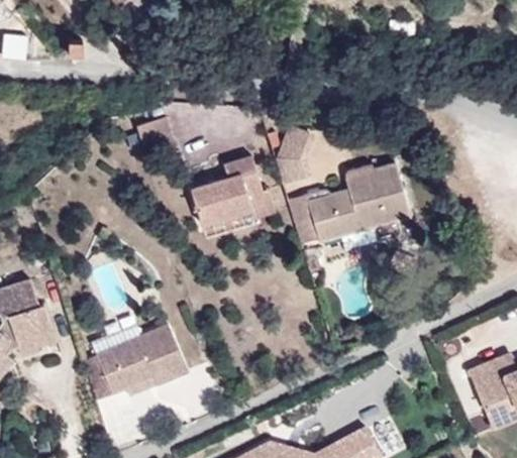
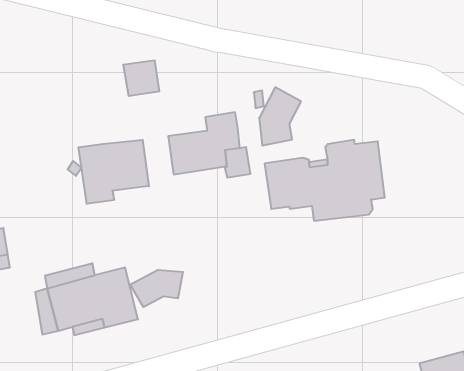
building: none -> [78,140,149,204]
building: none -> [130,270,183,307]

